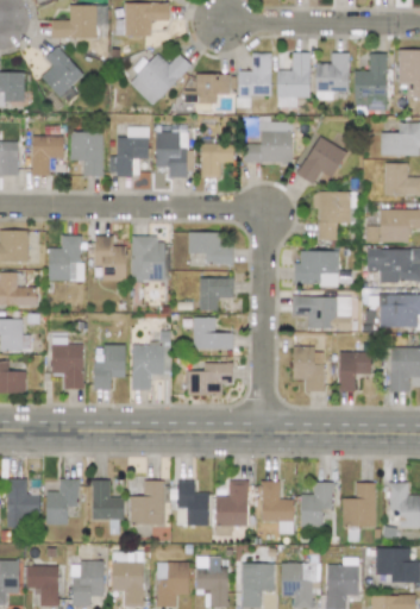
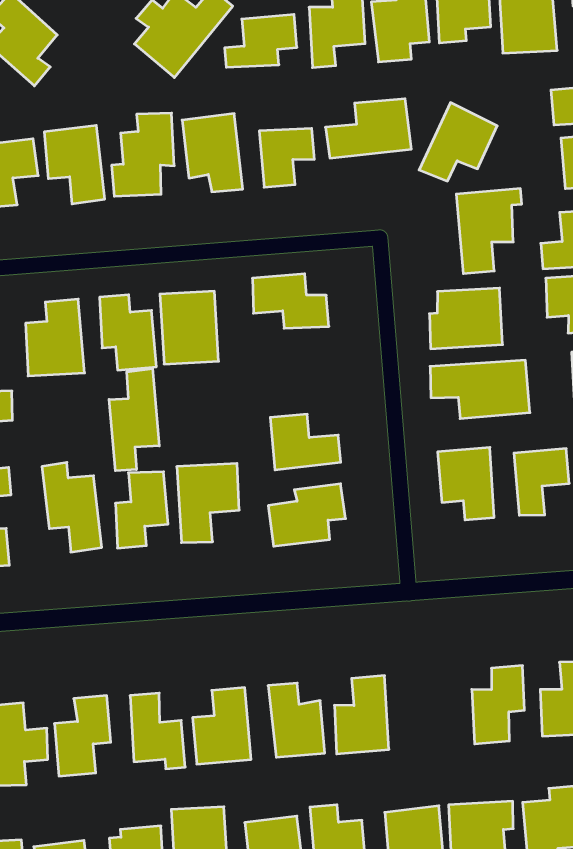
building: [199,277,233,310] -> none
building: none -> [109,369,159,471]
building: [262,481,293,533] -> none

